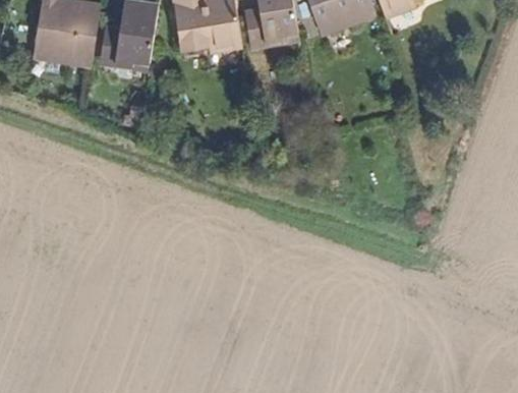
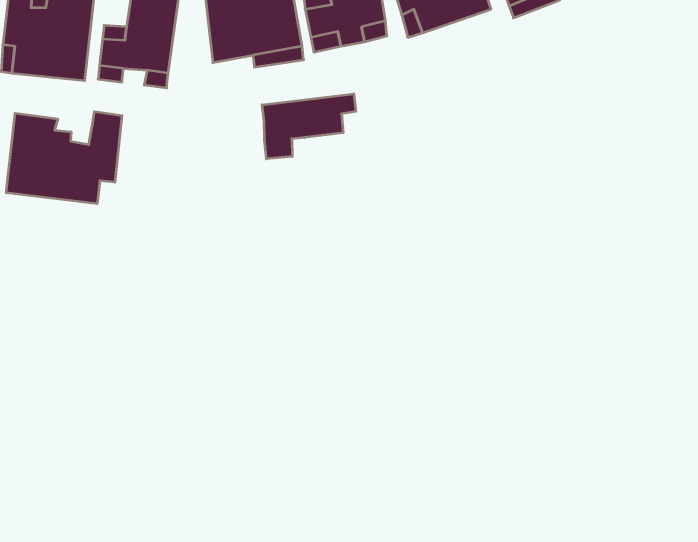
building: none -> [262,94,356,159]
building: none -> [6,112,122,204]

